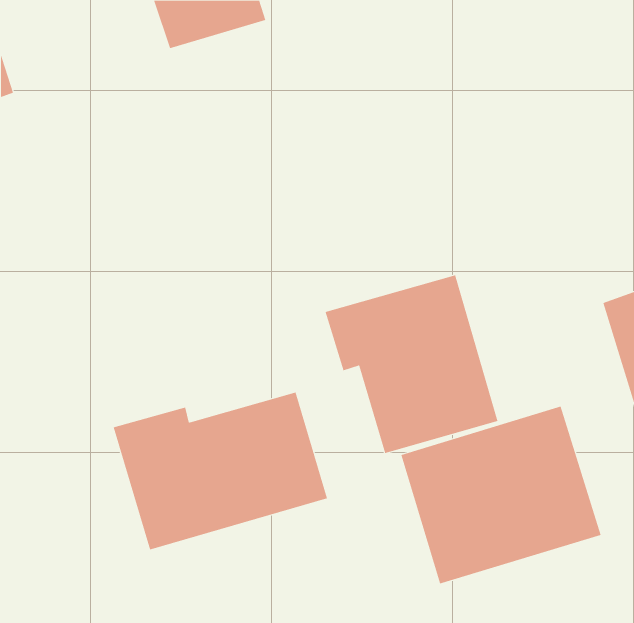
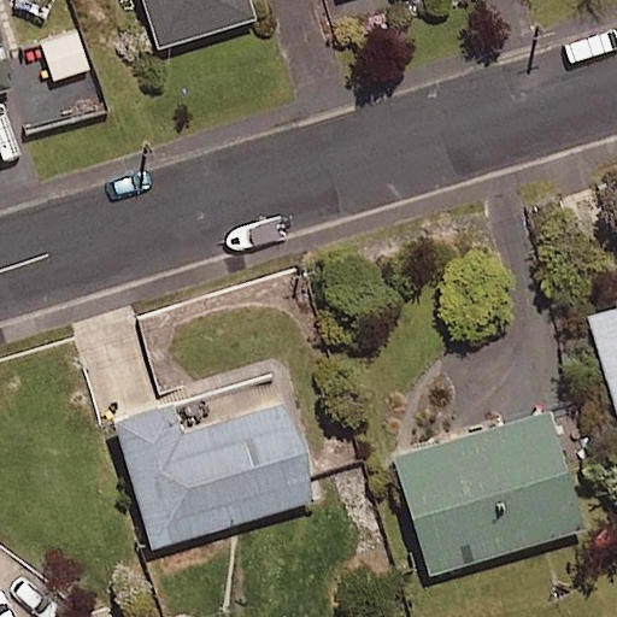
building: [325,274,498,454] -> none

